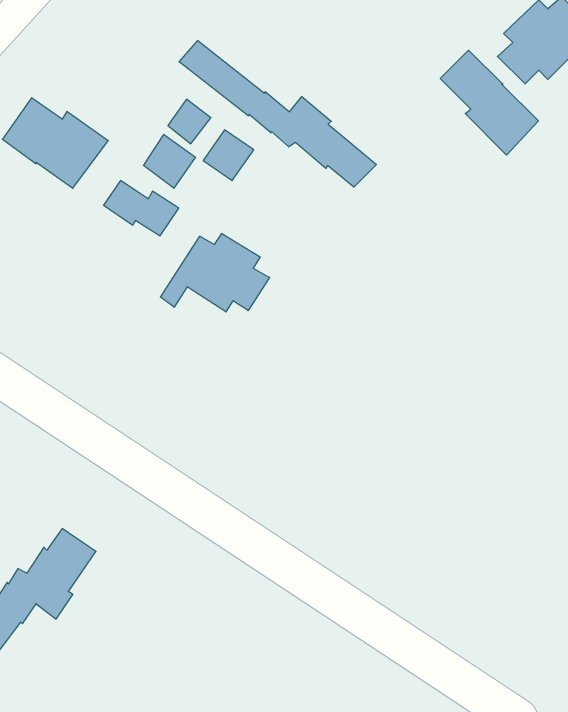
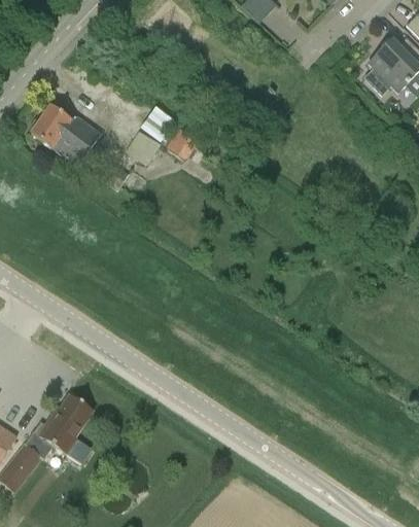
building: [179,41,376,187] -> none
building: [440,50,538,155] -> none
building: [160,233,270,312] -> none

